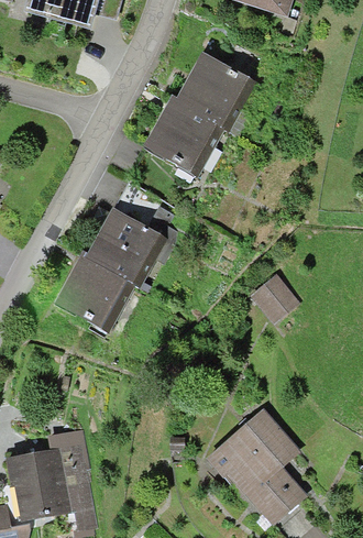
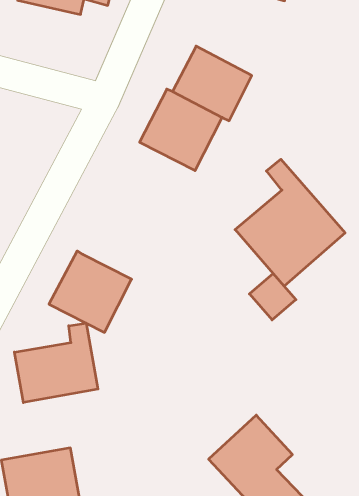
building: none -> [235,159,345,286]
building: [90,210,167,283] -> none
building: none -> [14,323,98,403]

